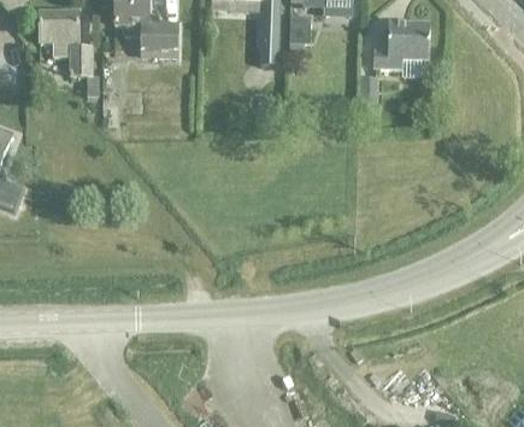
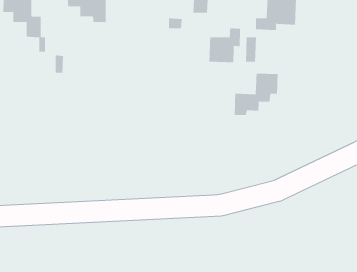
building: none -> [209,28,240,63]
building: none -> [234,73,278,116]

